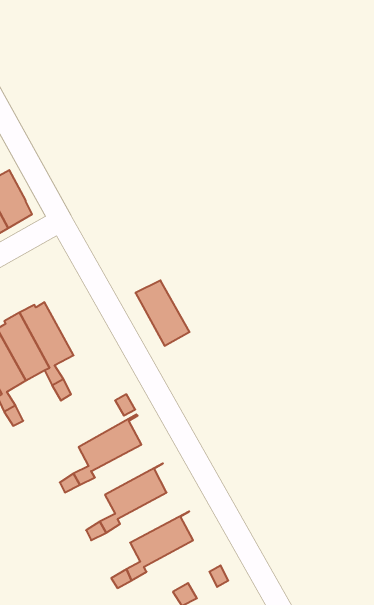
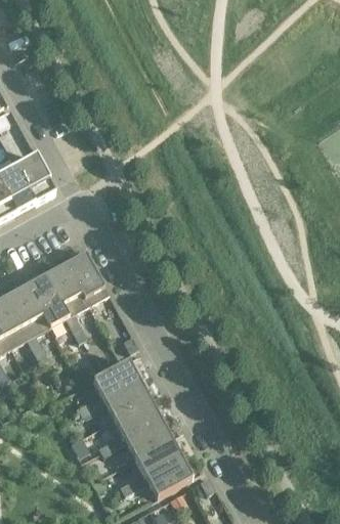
building: [135,280,190,346] -> [63,250,108,303]
building: none -> [101,376,160,417]
building: none -> [123,414,181,455]
building: none -> [144,453,203,495]

